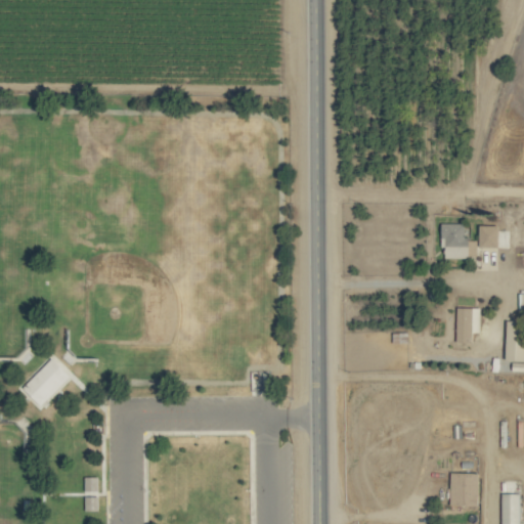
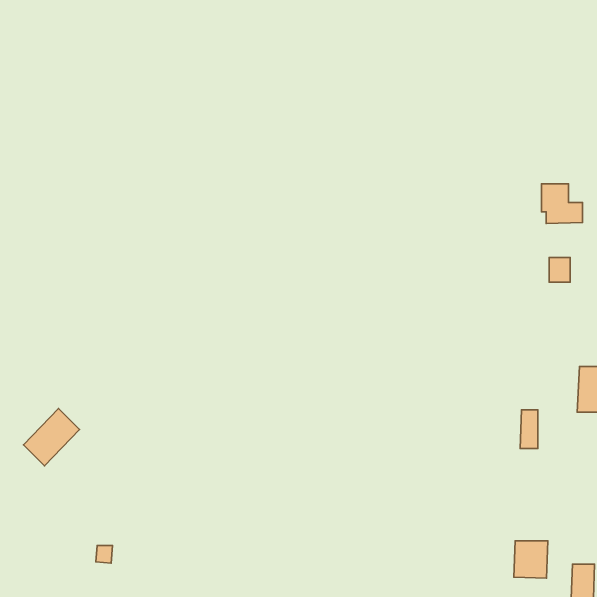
building: [442,224,478,259] -> [541,184,582,224]
building: [457,309,473,343] -> [520,410,538,448]

